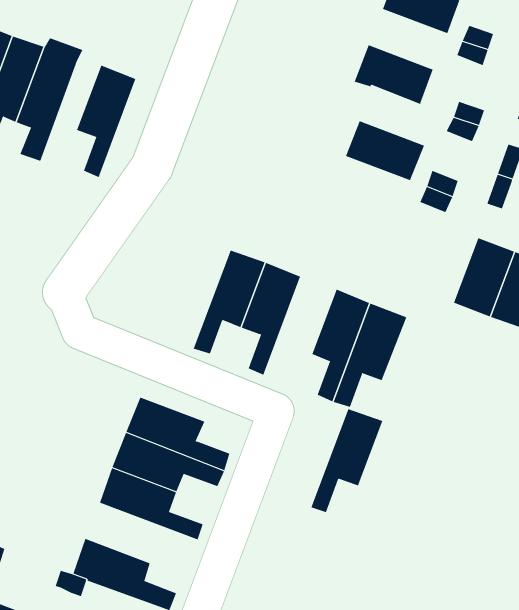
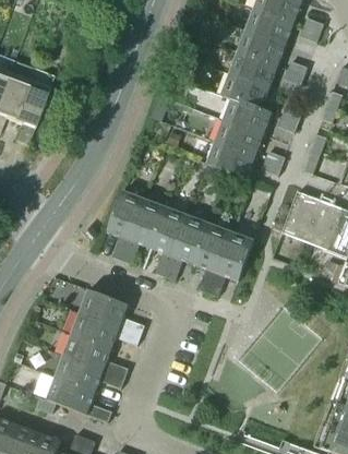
building: none -> [229,50,278,87]
building: [76,65,136,178] -> [107,190,144,260]
building: none -> [224,97,273,134]
building: none -> [207,141,255,179]
building: [311,408,383,513] -> [165,215,209,279]
building: none -> [55,355,124,392]

